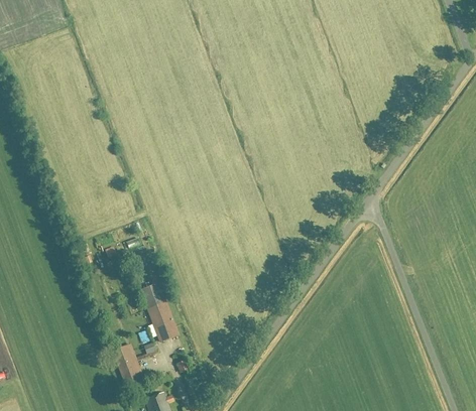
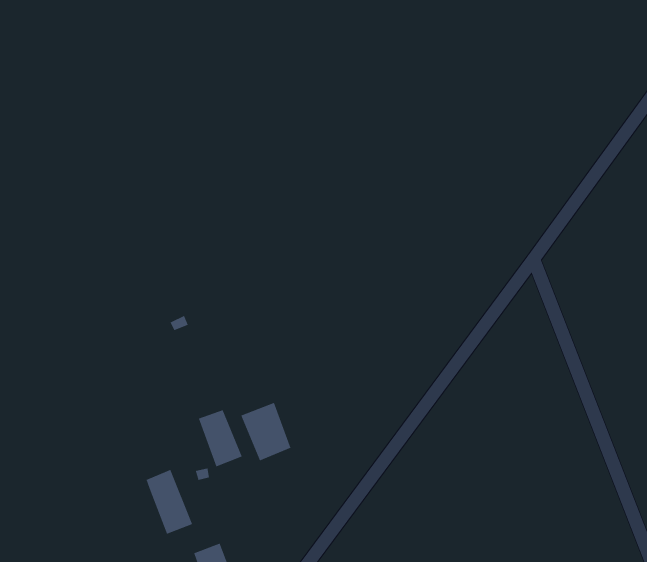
building: none -> [240,402,291,461]

